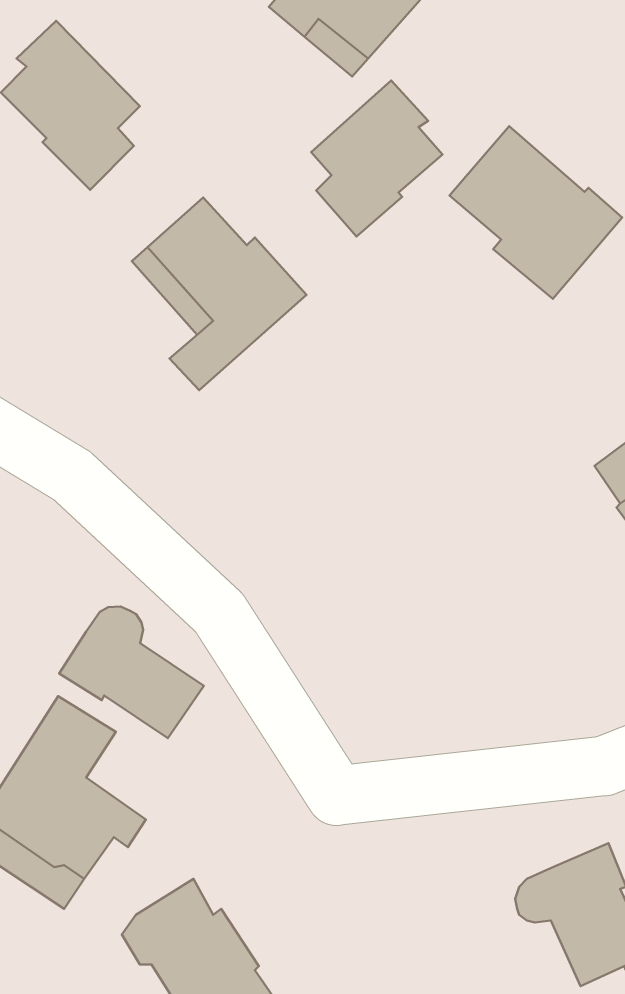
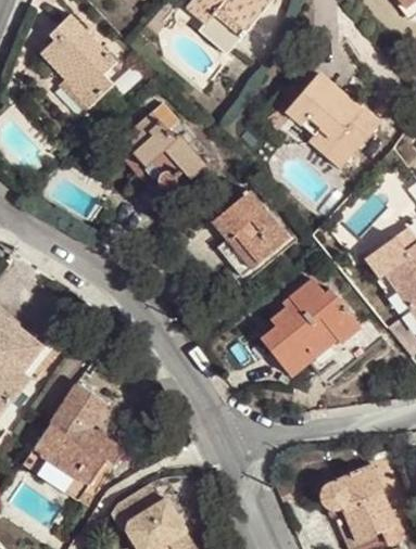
building: [311,81,442,237] -> none
building: none -> [212,191,289,278]
building: none -> [262,280,361,378]
building: [59,607,204,738] -> none

